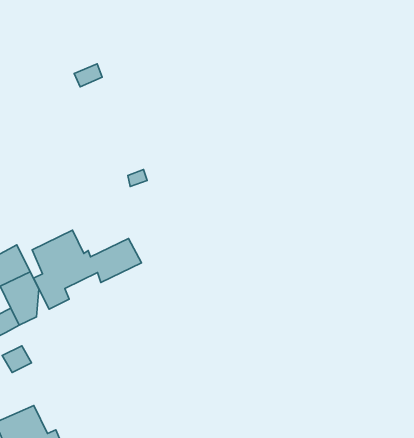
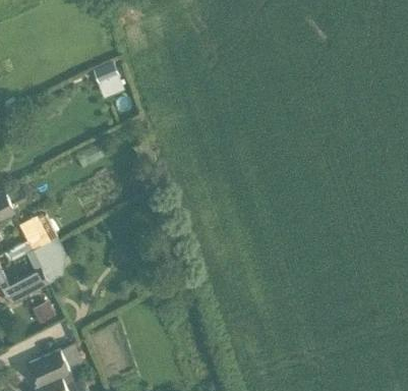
building: [32,230,141,309] -> none

